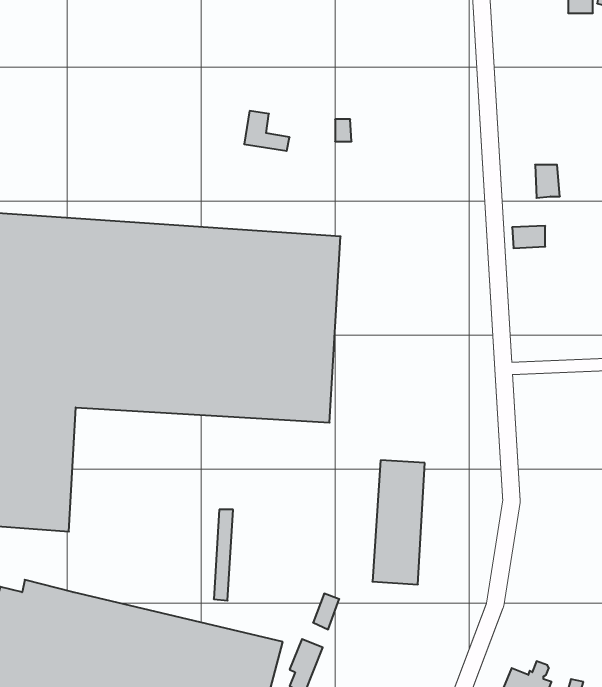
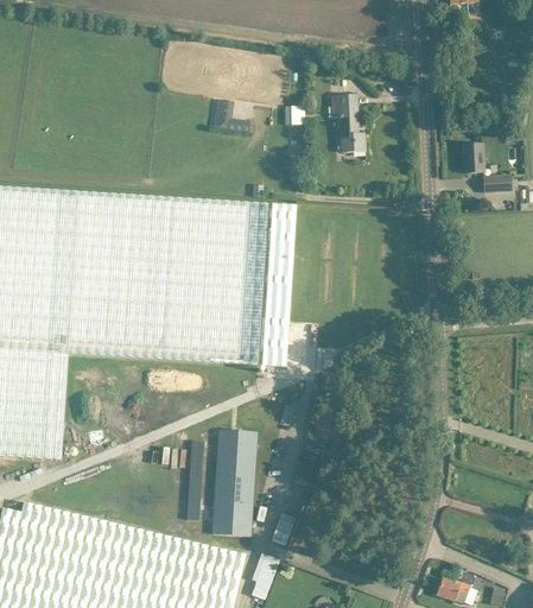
building: none -> [329,94,364,152]
building: [512,226,545,248] -> [482,173,510,192]
building: [372,460,425,584] -> [210,429,255,536]

